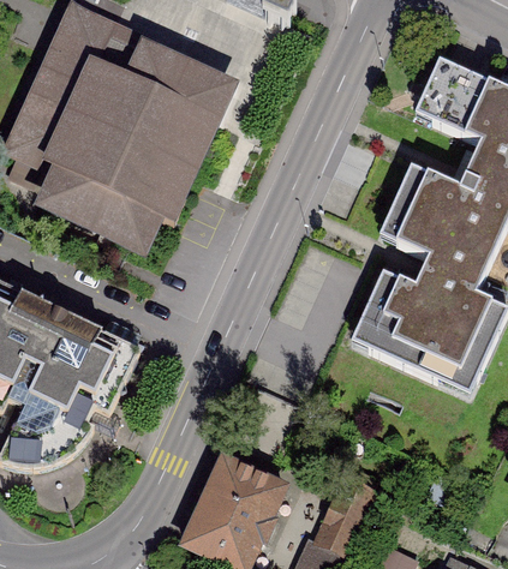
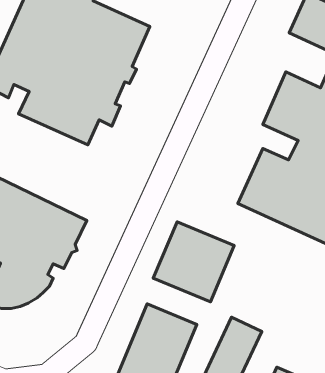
building: none -> [153,222,234,302]

